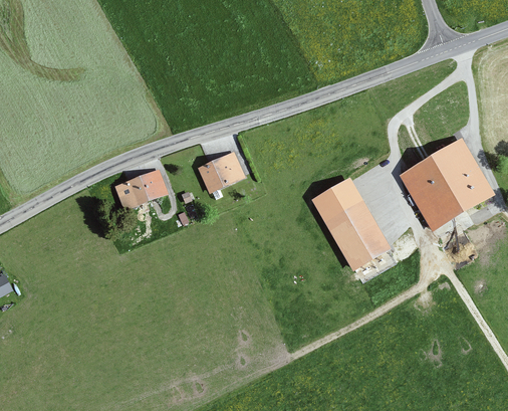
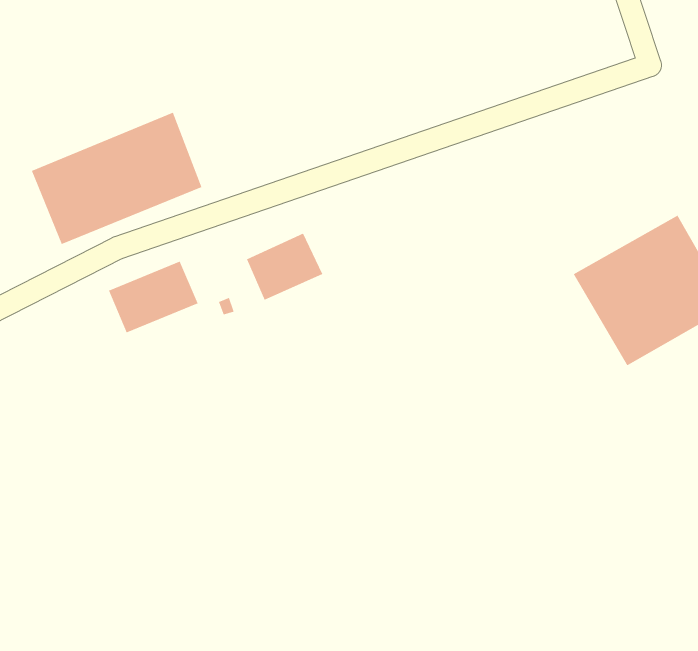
building: none -> [31,112,202,245]
building: [312,179,390,270] -> none

